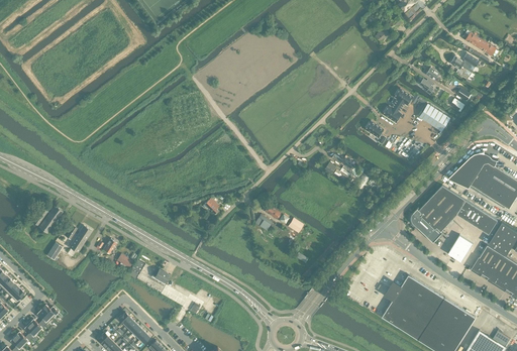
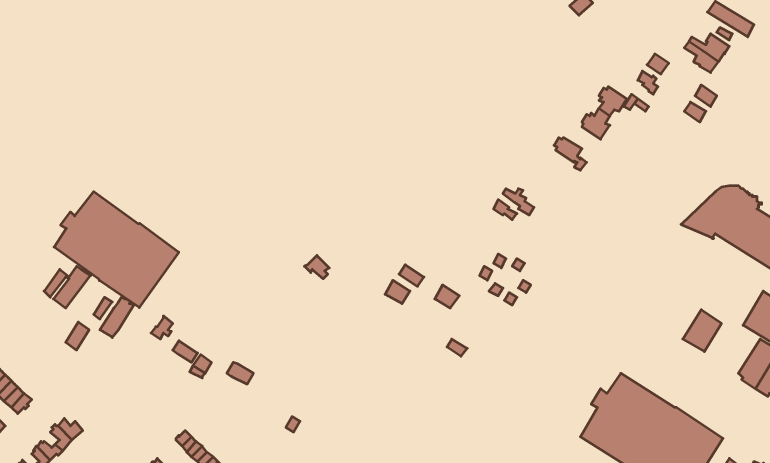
building: [419,105,448,130] -> none
building: none -> [54,192,179,308]
building: [410,186,497,242] -> none
building: [471,245,499,275] -> none

